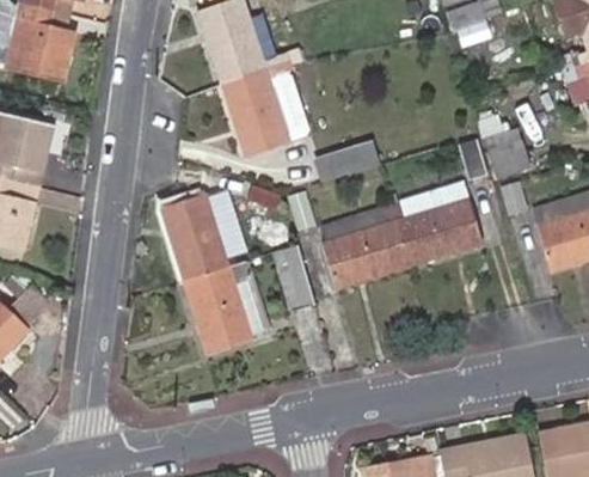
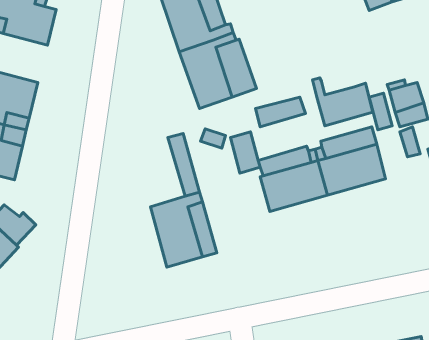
building: none -> [312,78,373,126]
building: [166,192,231,279] -> none
building: [276,245,318,313] -> none

